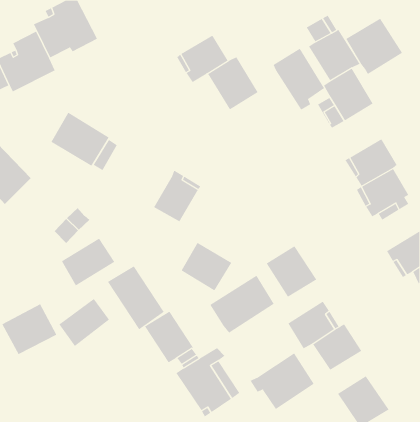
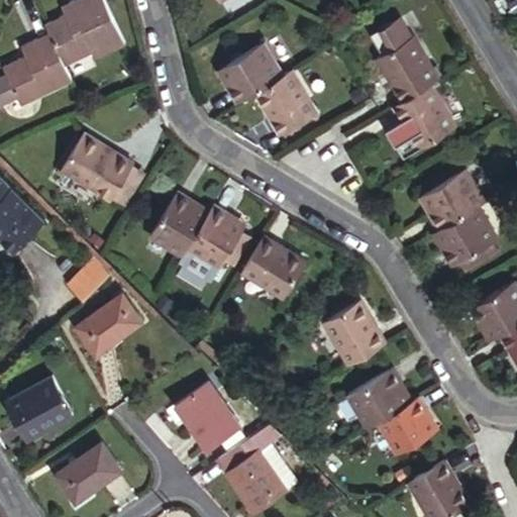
building: [346,18,403,75] -> none
building: [273,48,325,110] -> none
building: none -> [149,196,209,261]
building: [181,242,232,291] -> [242,239,305,299]
building: [107,265,165,330] -> none
building: [210,275,275,333] -> none
building: [59,298,110,347] -> [51,438,114,498]
building: [250,353,314,410] -> none

